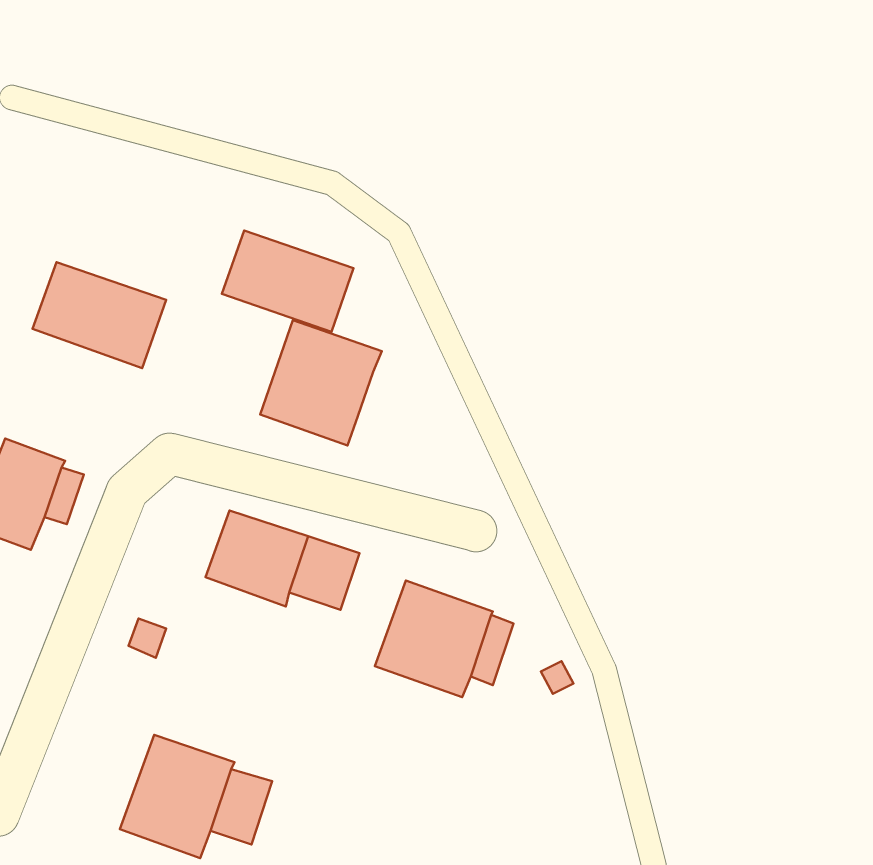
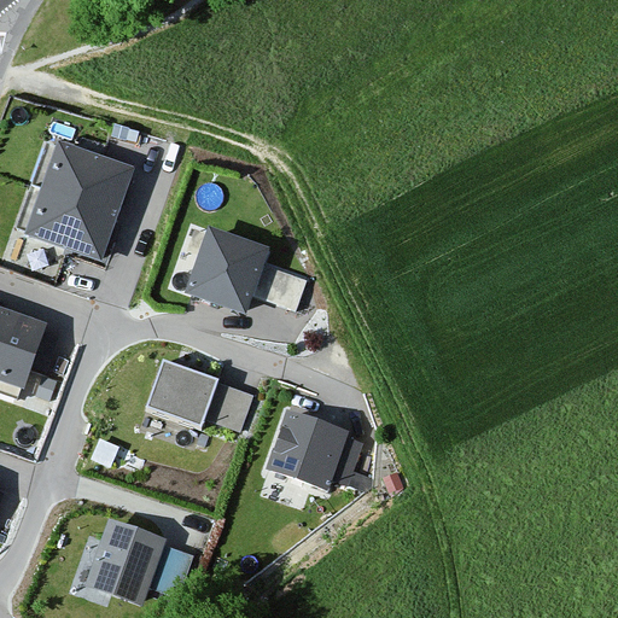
building: [222,231,354,332] -> [40,140,133,211]
building: none -> [252,262,308,308]

